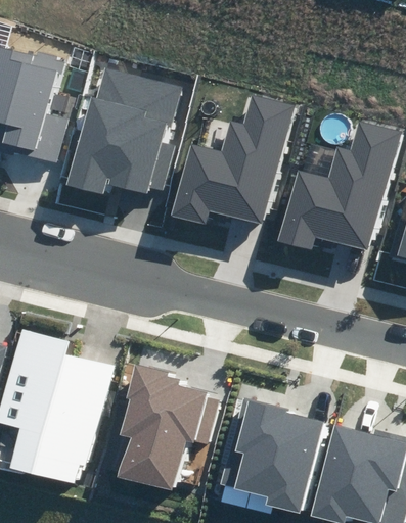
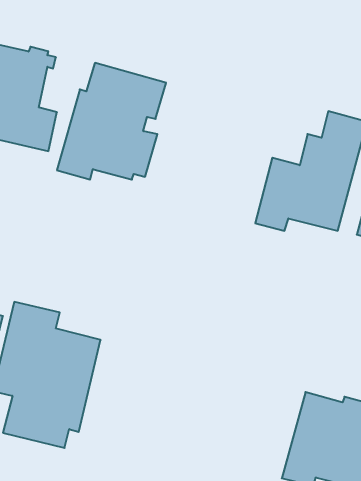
building: [170,95,294,225] -> none
building: [120,364,219,491] -> none
building: [221,398,322,514] -> none

